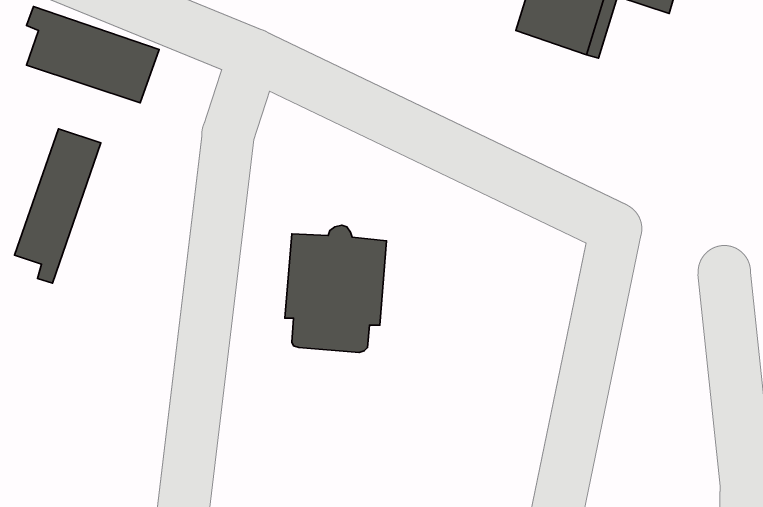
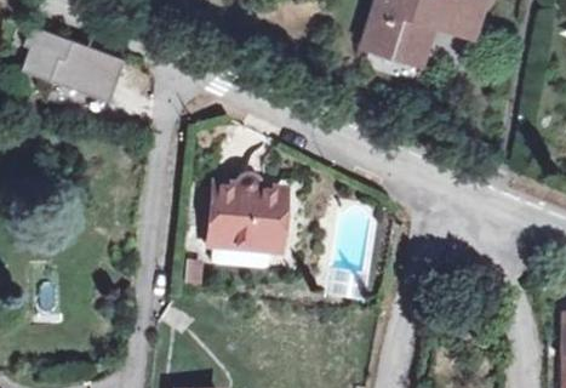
building: [14,129,101,283] -> none

